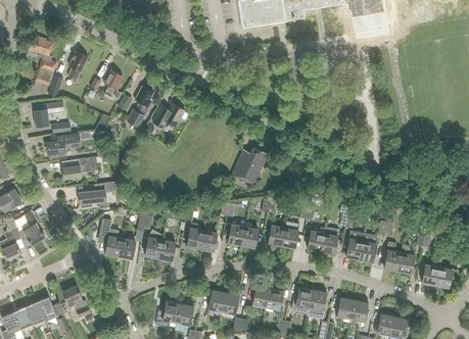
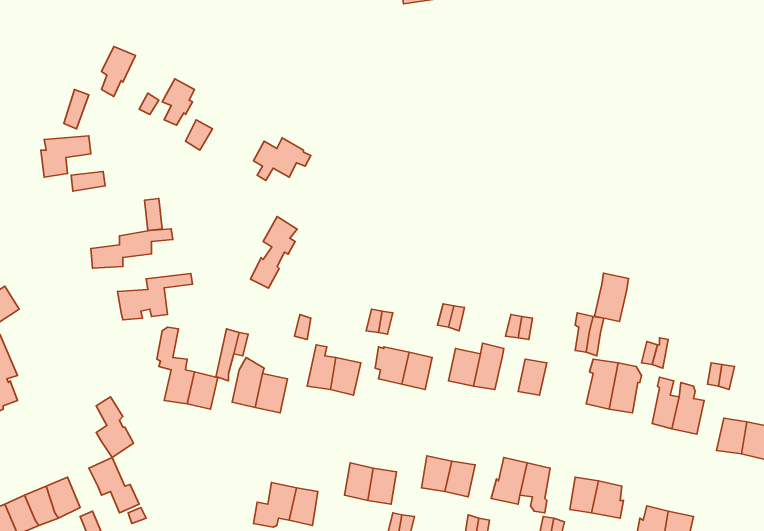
building: [28,35,56,85] -> none
building: [127,86,153,127] -> [251,217,297,288]
building: [47,133,80,157] -> none
building: [230,146,268,186] -> none
building: [22,210,44,245] -> [96,397,134,458]
building: [319,226,338,253] -> [595,273,629,322]

